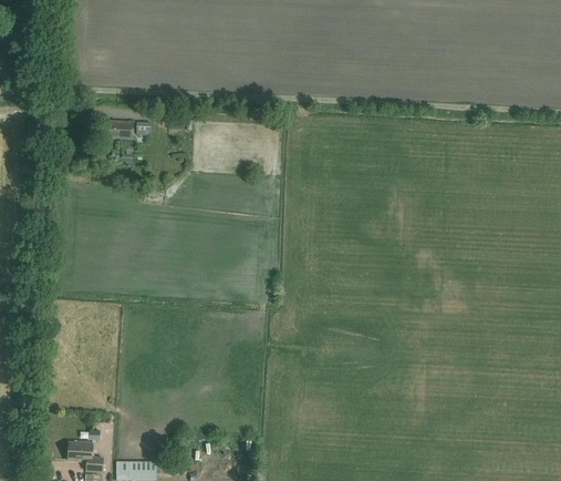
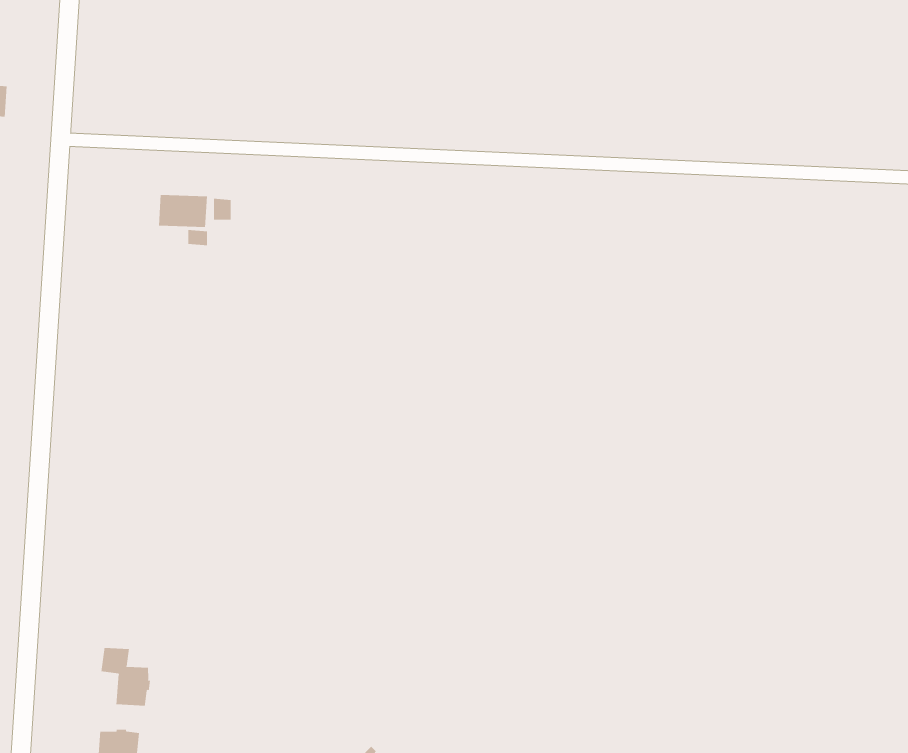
building: none -> [101,647,151,707]

